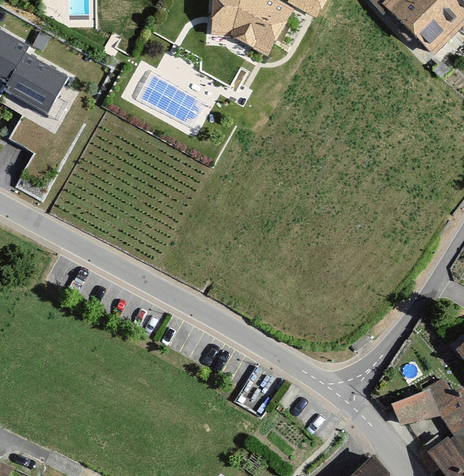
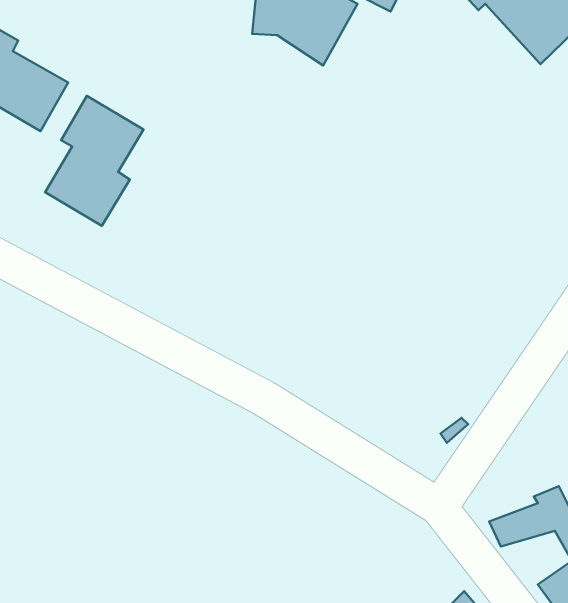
building: none -> [45,96,144,226]

